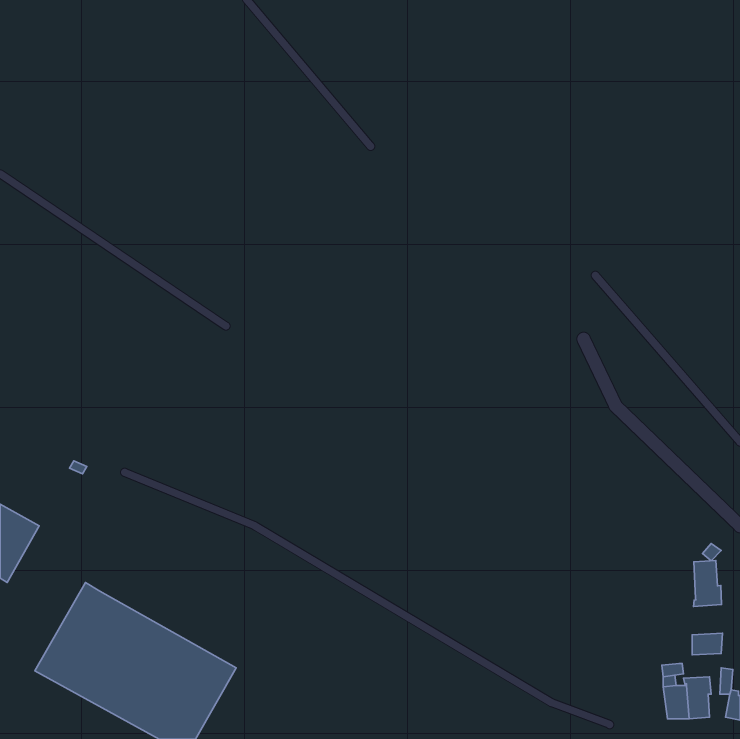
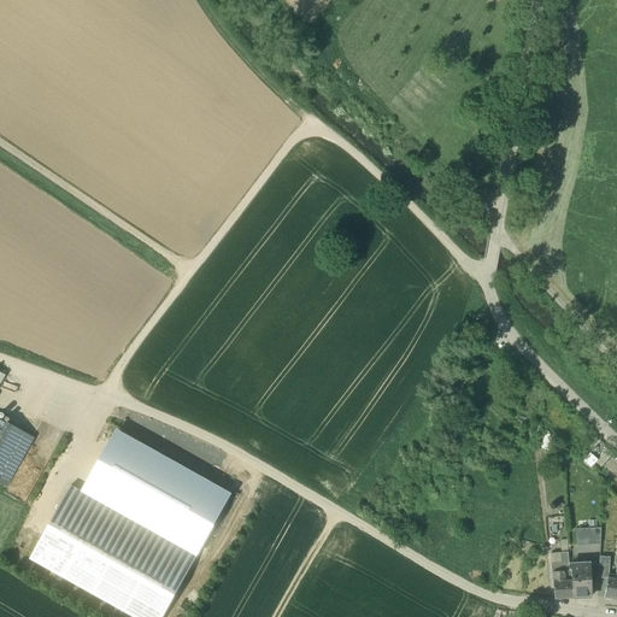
building: none -> [83,430,231,556]
building: [693,560,722,607] -> none

